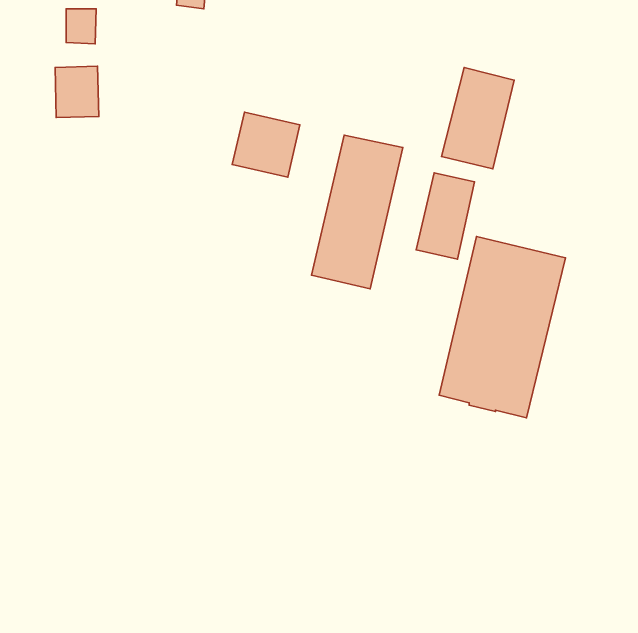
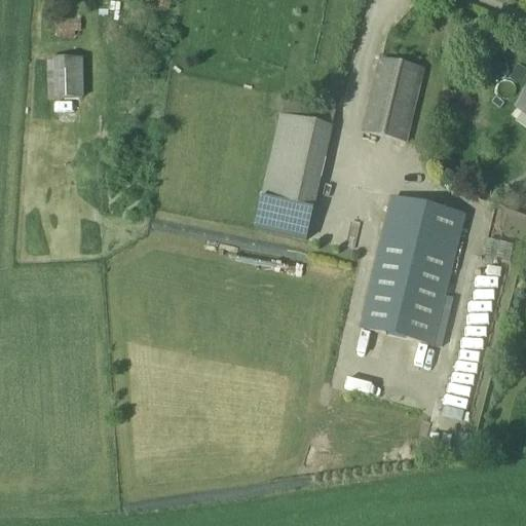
building: [232,112,300,177] -> none
building: [416,173,475,259] -> none

